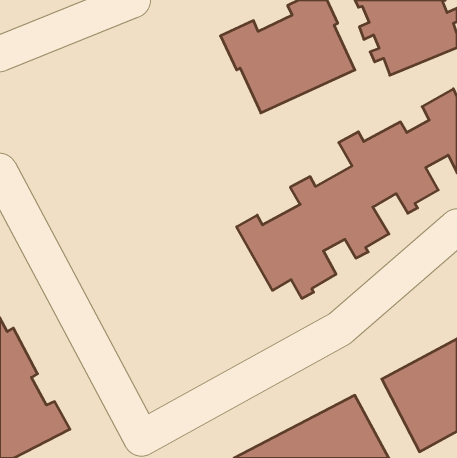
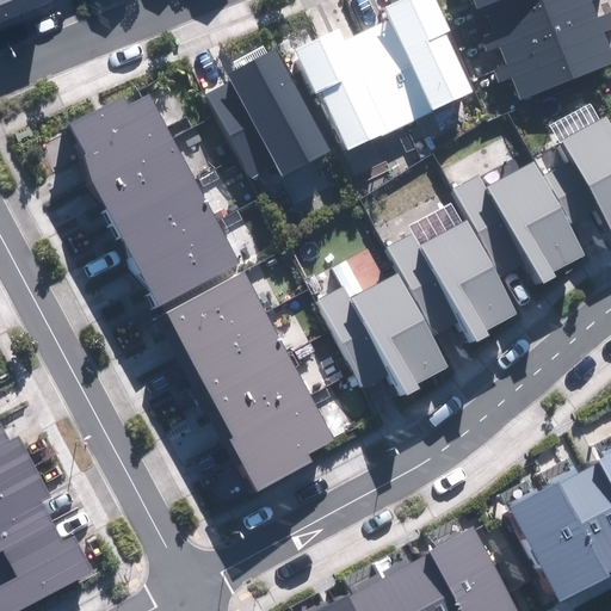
building: none -> [205,49,329,179]
building: none -> [70,94,239,306]
building: none -> [165,271,334,493]

